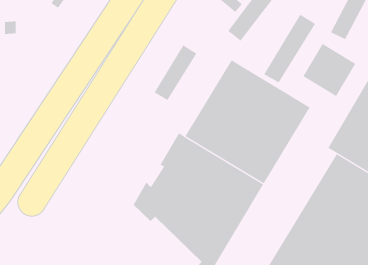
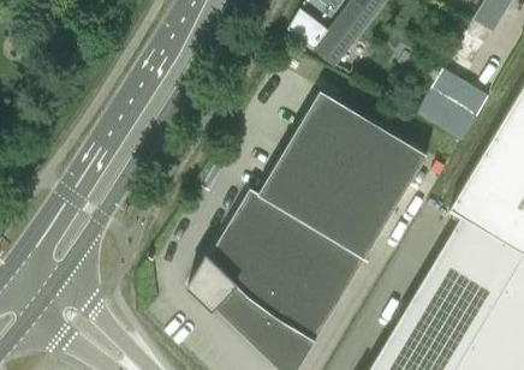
building: [264,14,316,83] -> none
building: [154,45,197,101] -> none

